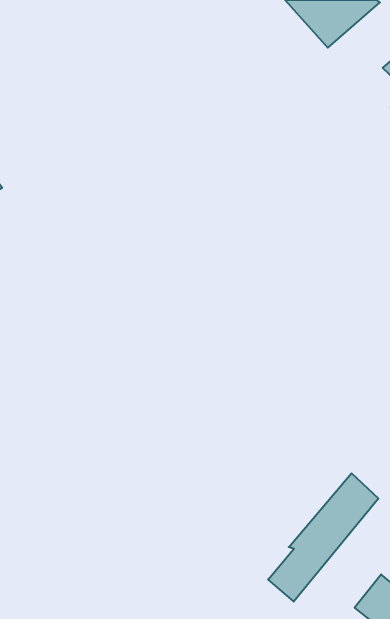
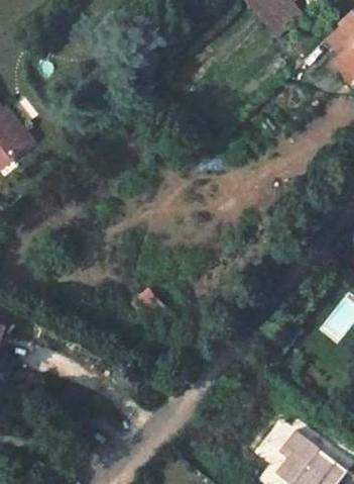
building: [268,473,378,602] -> none

